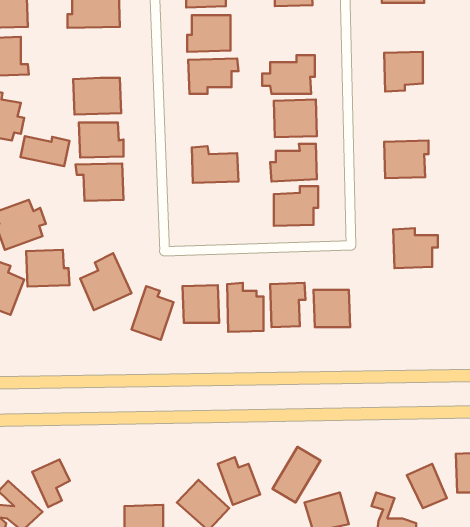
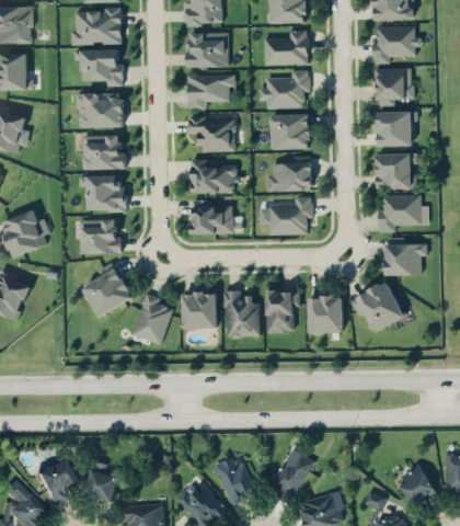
building: none -> [372,25,422,64]
building: none -> [264,30,308,64]
building: none -> [74,48,123,85]
building: none -> [376,111,417,146]
building: none -> [188,116,235,151]
building: [20,136,70,166] -> none
building: none -> [379,193,428,231]
building: none -> [192,199,242,232]
building: [26,250,70,286] -> [80,218,122,253]
building: none -> [350,281,404,331]
building: none -> [87,460,117,501]

